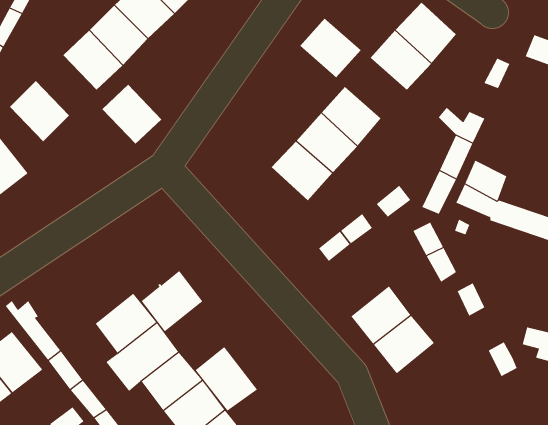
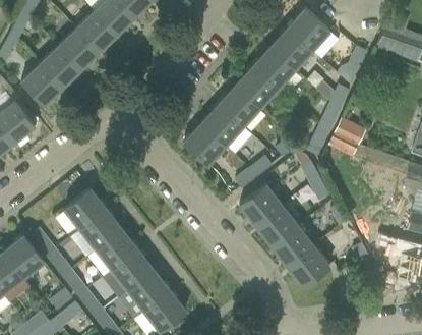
building: [299,18,361,78] -> [252,47,295,89]
building: [102,84,162,144] -> [40,45,81,87]
building: none -> [184,122,227,165]
building: none -> [240,183,283,225]
building: [141,270,203,332] -> [64,187,107,230]
building: none -> [288,243,330,285]
building: [195,346,258,411] -> none

